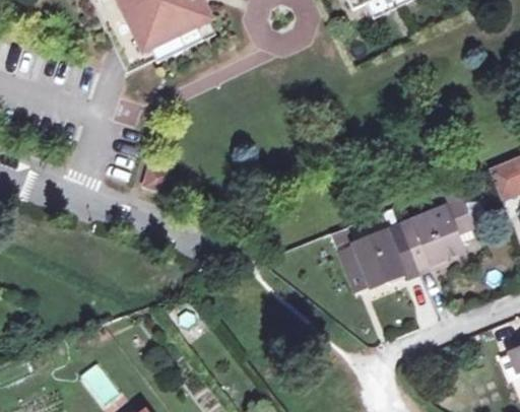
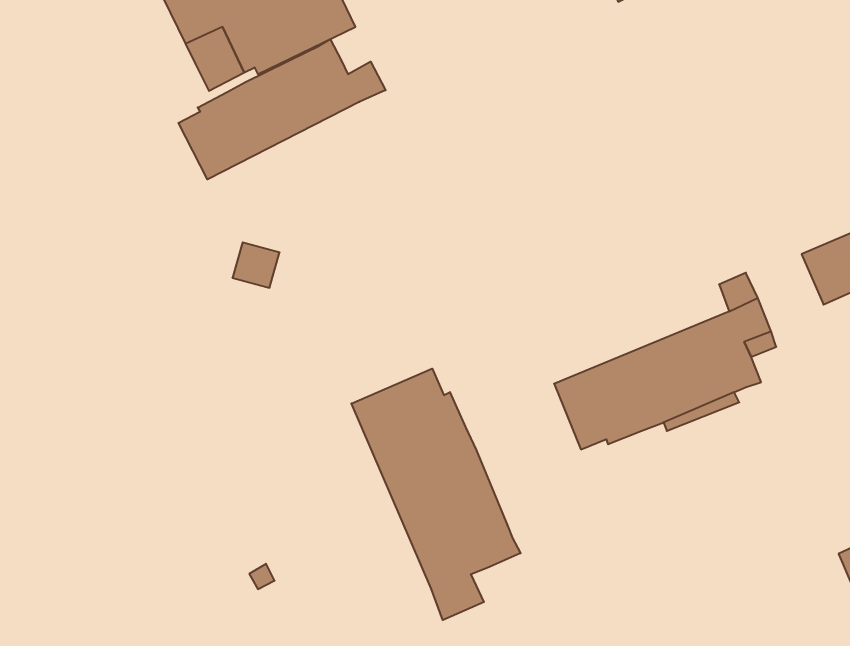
building: none -> [178,39,386,179]
building: none -> [351,369,521,620]

